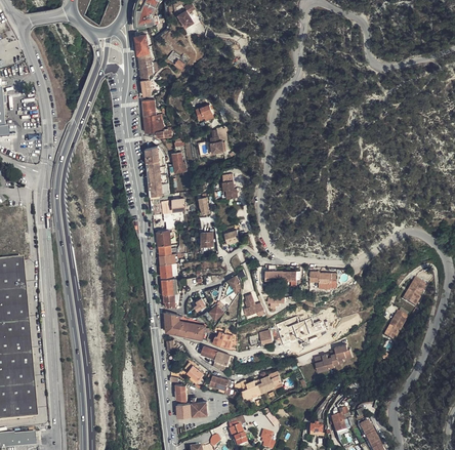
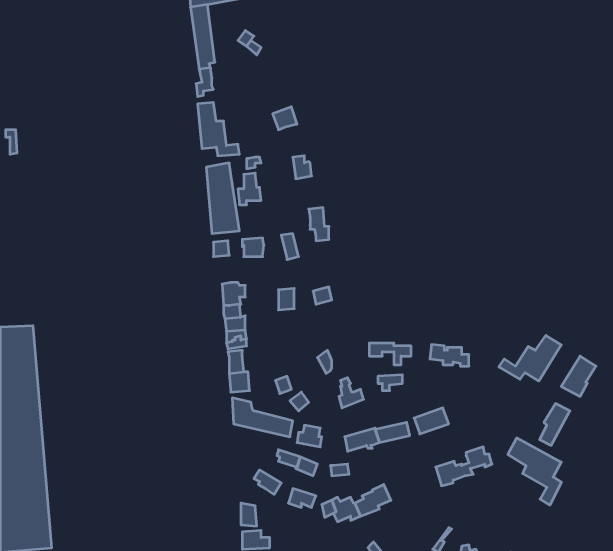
building: none -> [499,335,561,381]
building: none -> [508,438,561,505]

